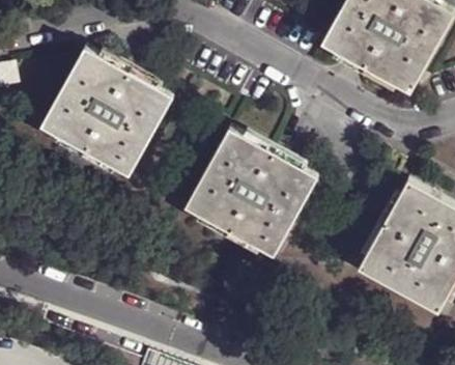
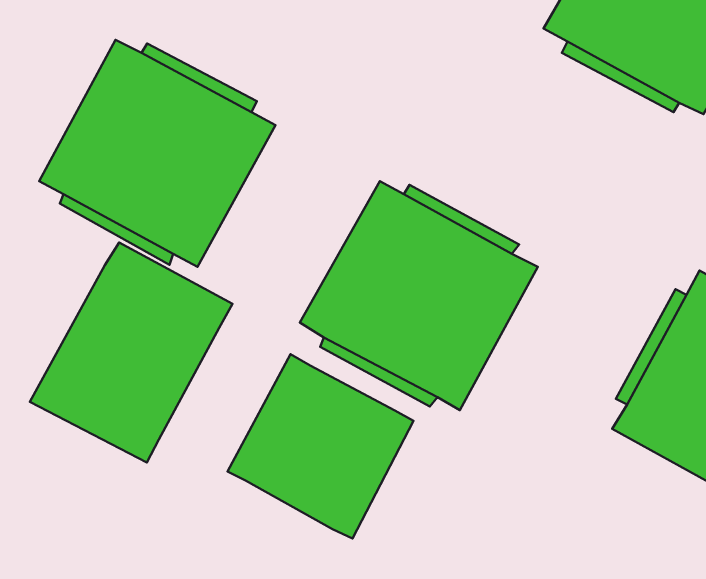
building: none -> [30,242,233,463]
building: none -> [227,354,414,539]

